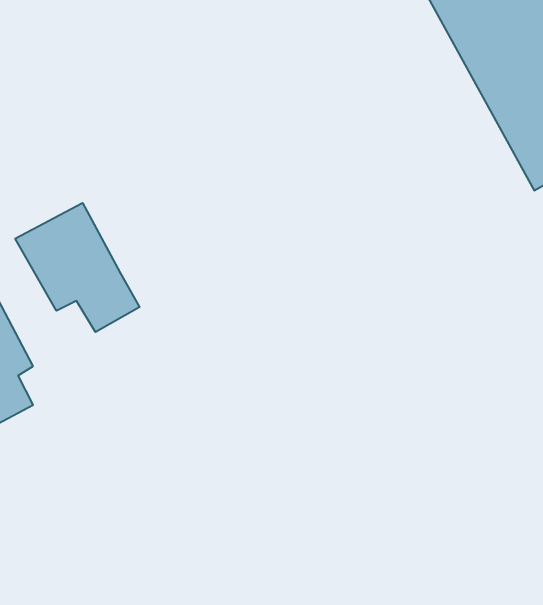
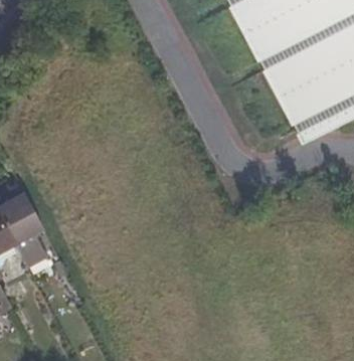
building: [15,203,140,332] -> none

